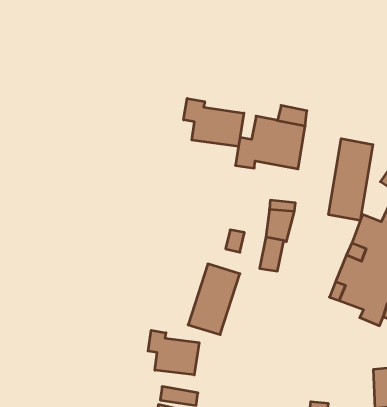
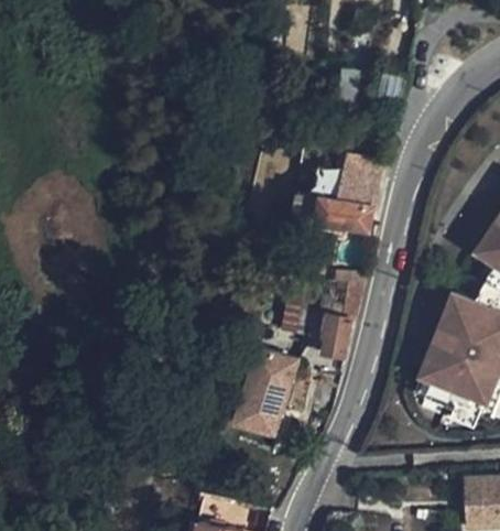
building: [184,98,244,147] -> none
building: [329,139,373,221] -> none
building: [148,330,199,375] -> none

